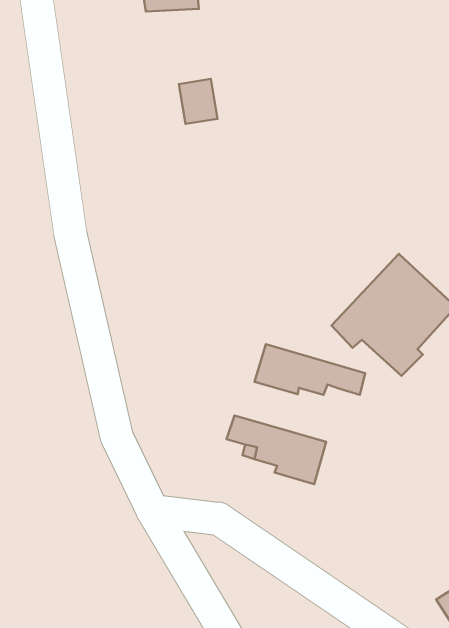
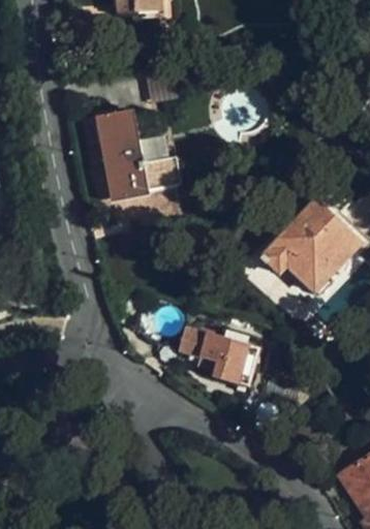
building: none -> [94,111,179,200]
building: [255,344,365,395] -> none

